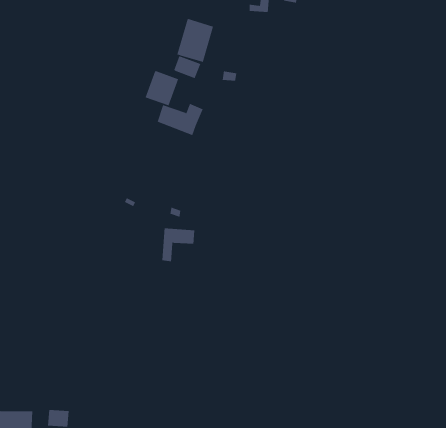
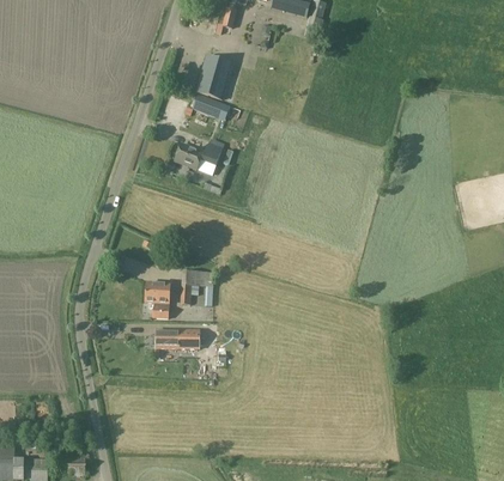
building: [145,70,179,106] -> none
building: none -> [146,282,171,318]
building: none -> [157,329,199,348]

